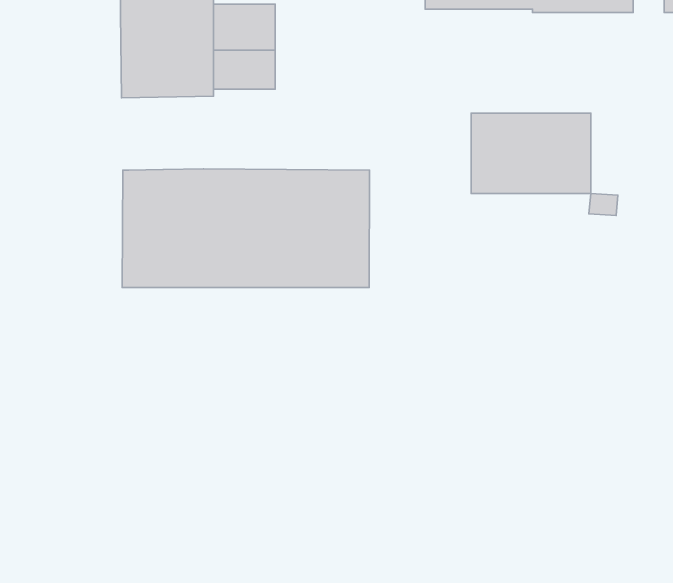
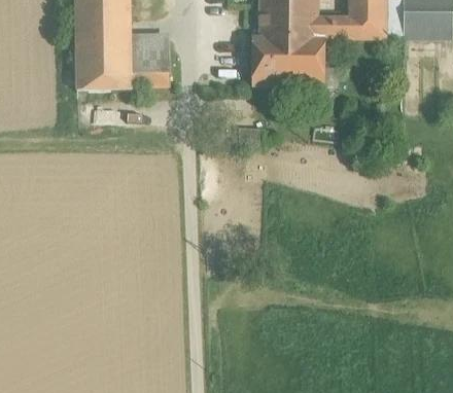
building: [471,113,591,193] -> [251,34,323,82]
building: [122,169,370,287] -> none

